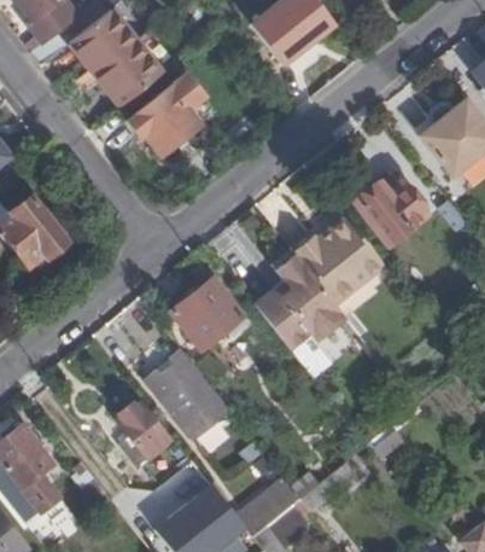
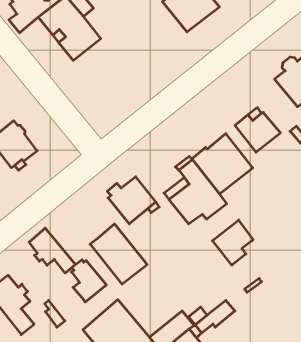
building: [133,80,205,156] -> none
building: none -> [212,220,253,265]
building: none -> [29,228,76,273]

